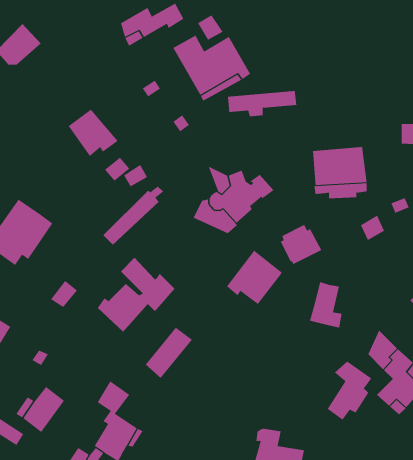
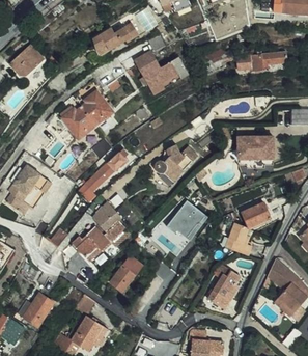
building: none -> [72,86,105,122]
building: [227,91,297,117] -> [237,53,287,72]
building: [280,224,322,265] -> [241,199,271,228]
building: [327,361,372,421] -> [208,264,241,306]

